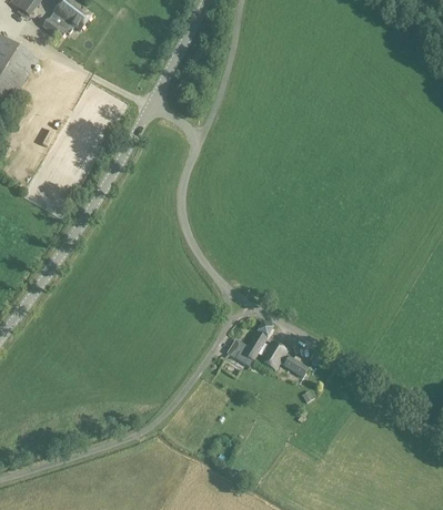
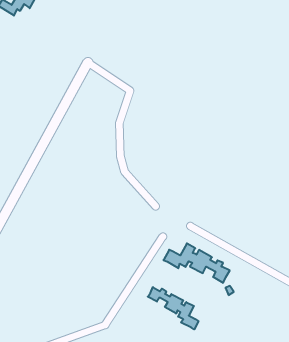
building: none -> [148,287,198,329]

